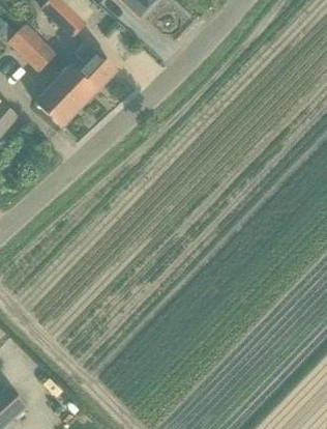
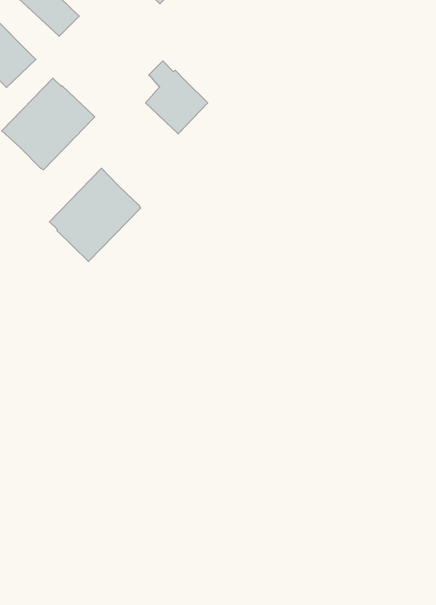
building: [75,42,116,91] -> [146,61,208,134]
building: none -> [49,168,140,262]

